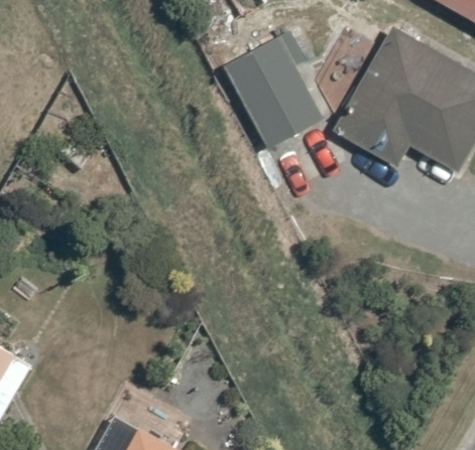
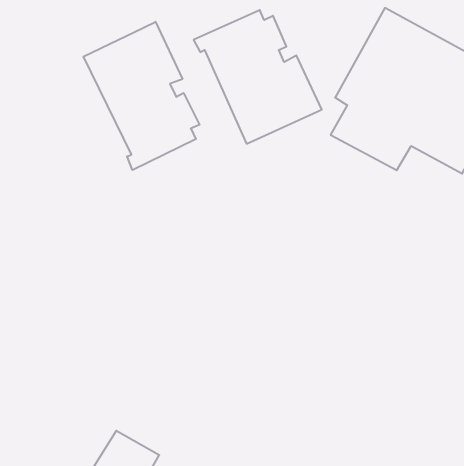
building: none -> [83,22,200,170]

